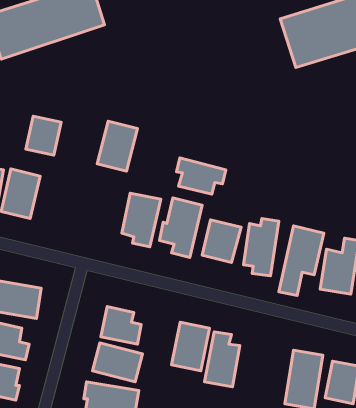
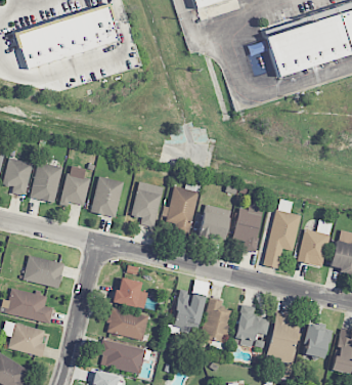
building: [26,116,61,155] -> [60,174,90,207]
building: [97,121,137,171] -> [90,176,124,218]
building: [176,158,226,194] -> none
building: none -> [234,305,270,345]

